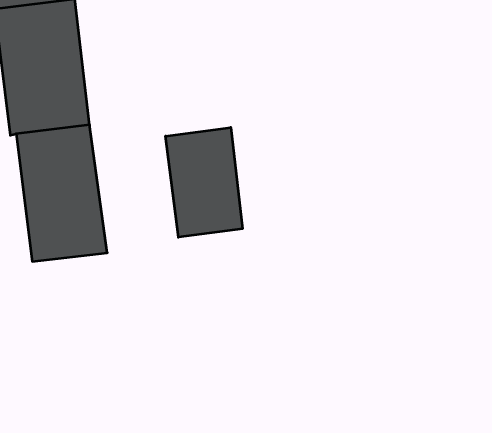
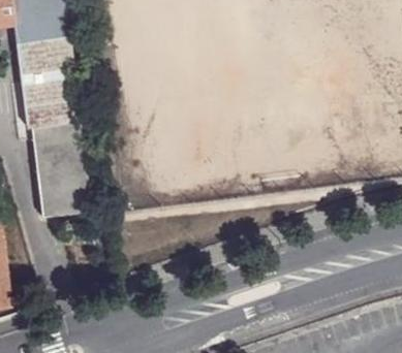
building: [166,127,242,237] -> none

